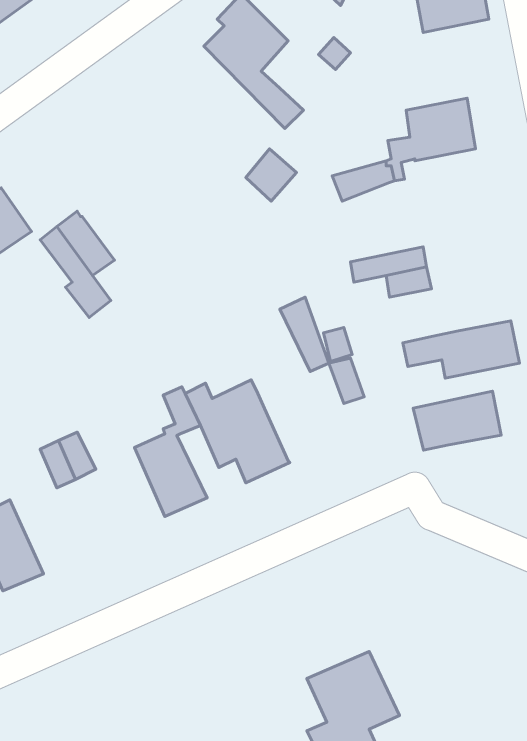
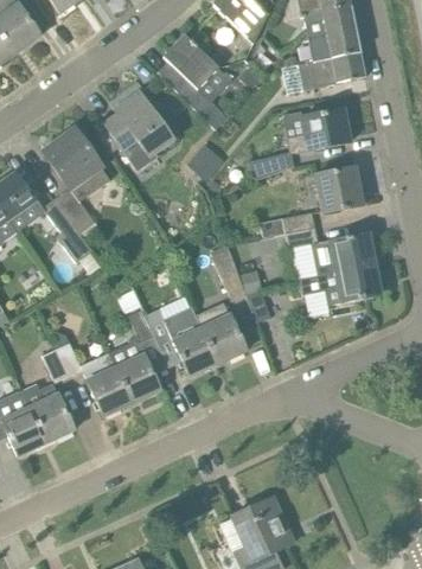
building: none -> [283,51,365,91]
building: none -> [105,90,175,159]
building: none -> [45,128,103,190]
building: none -> [316,166,363,212]
building: none -> [197,301,247,362]
building: [413,391,501,450] -> [313,232,375,274]
building: none -> [88,350,132,414]
building: none -> [23,382,75,441]

